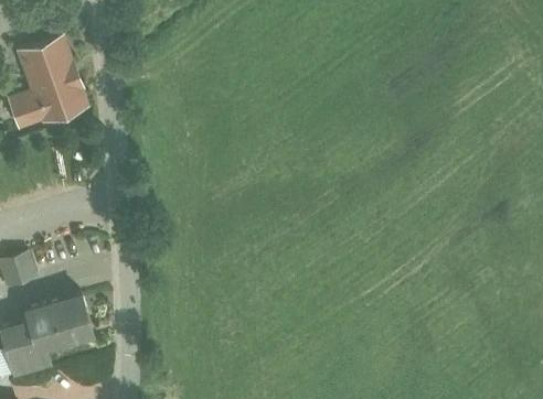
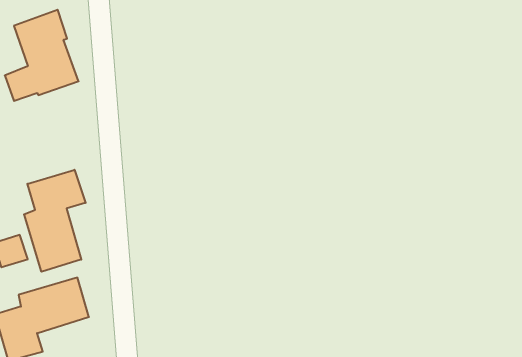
building: none -> [24,170,86,272]

